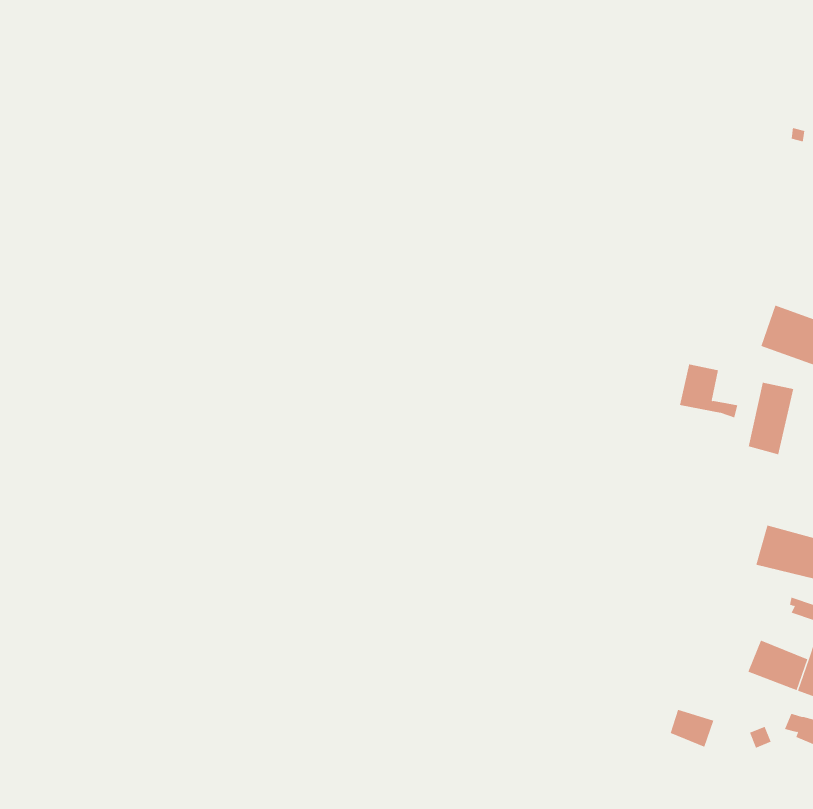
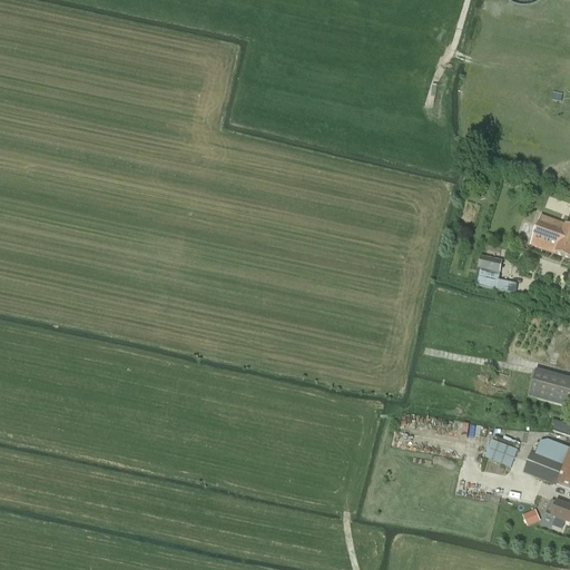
building: [748,382,794,455] -> none
building: [670,709,714,748] -> [488,440,519,466]

